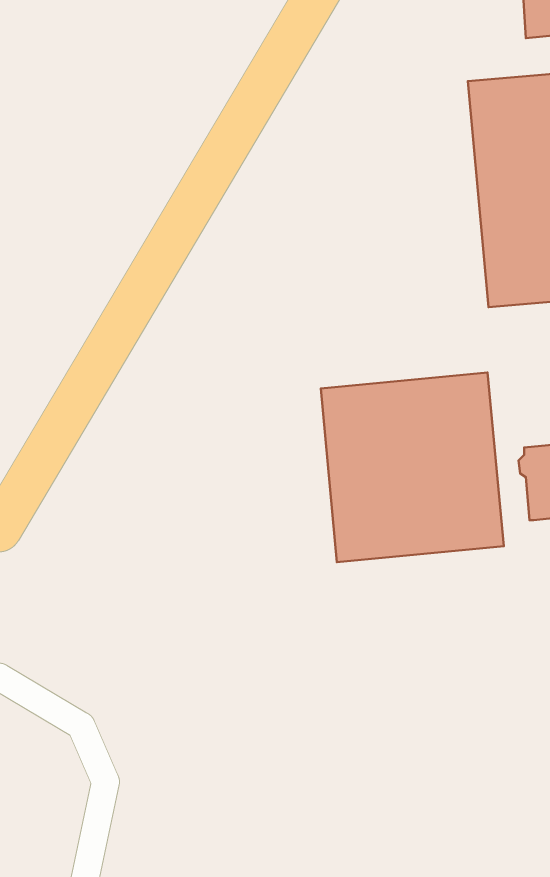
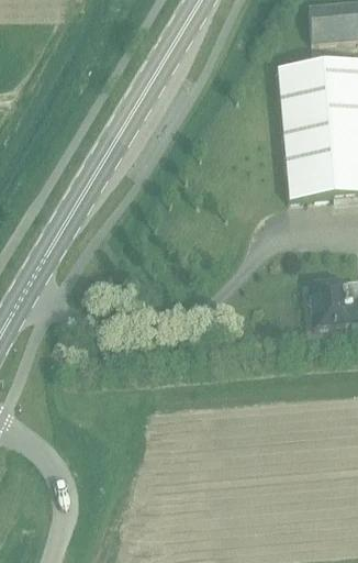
building: [321,373,504,562] -> none

